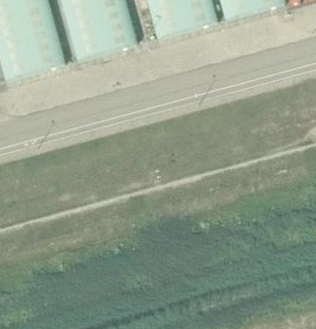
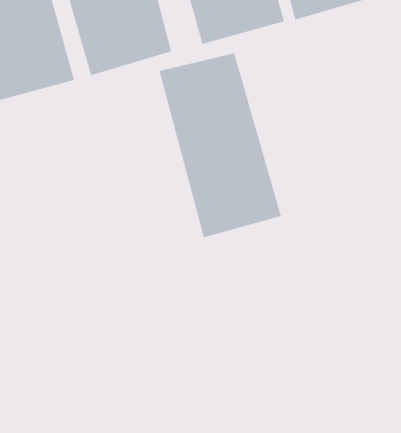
building: none -> [159,52,281,238]

